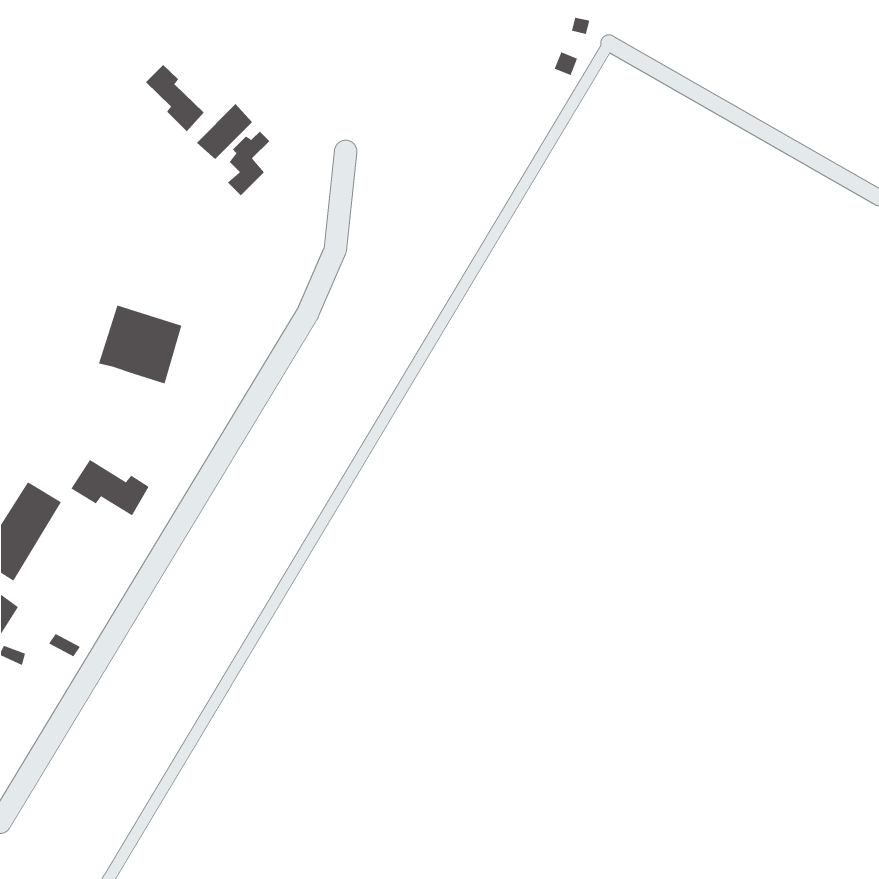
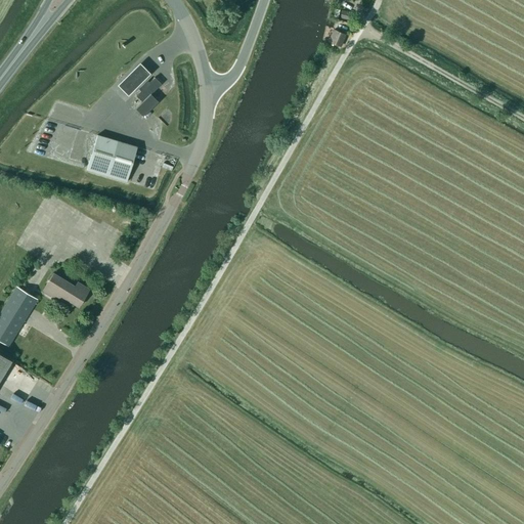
building: [145,64,204,132] -> none
building: [98,305,182,384] -> [86,135,136,182]

